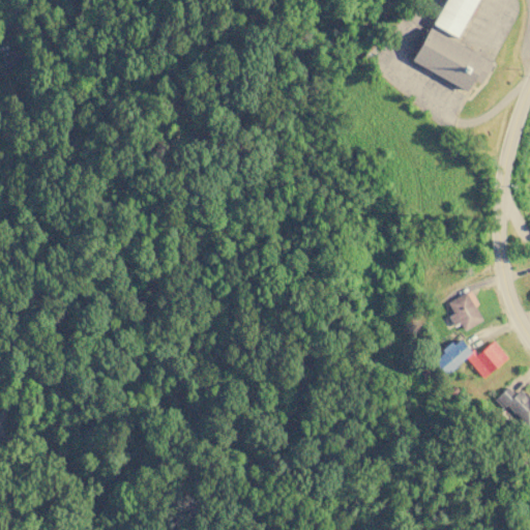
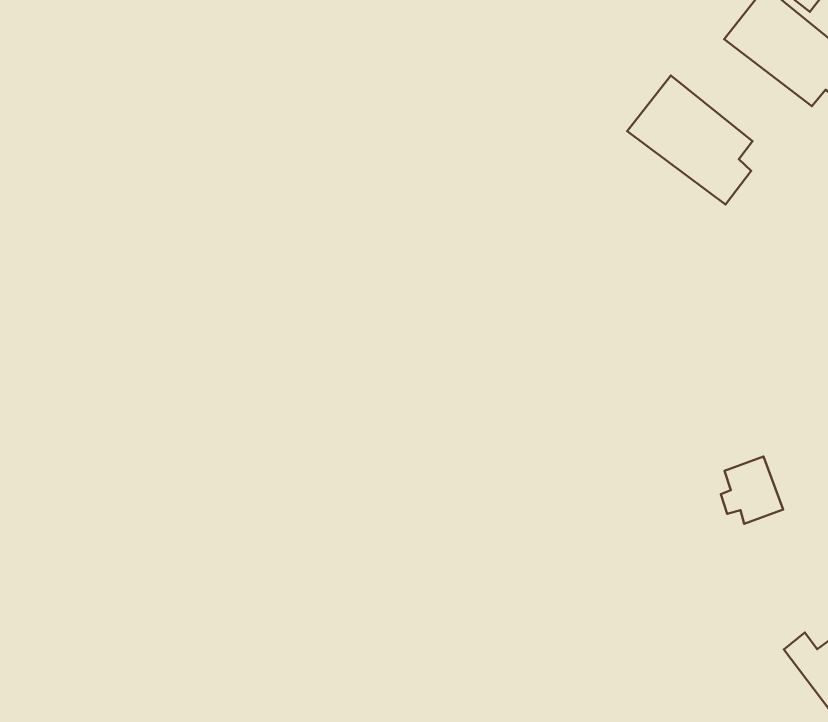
building: none -> [627,75,752,204]
building: [434,337,508,378] -> none

